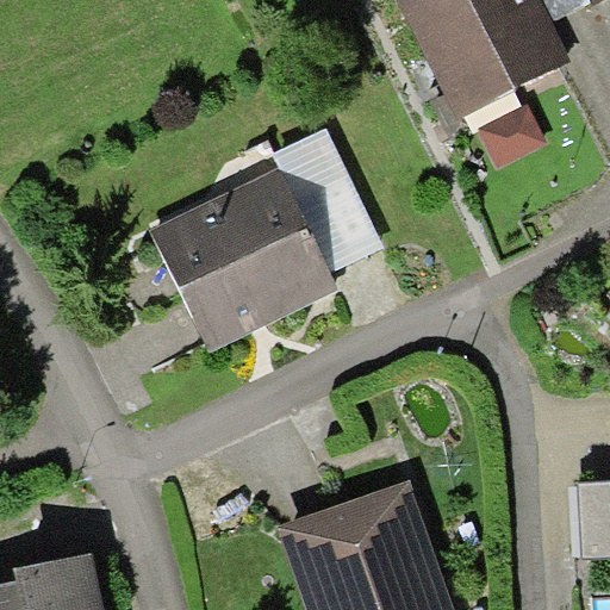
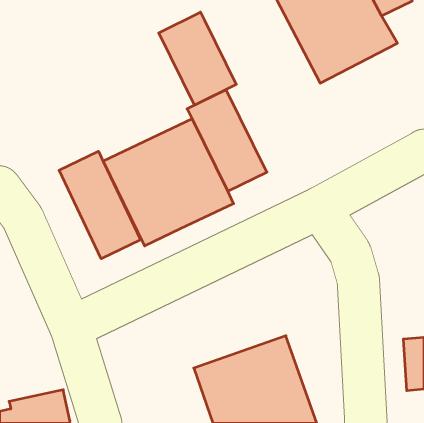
building: none -> [159,12,236,105]
building: none -> [59,151,141,259]

